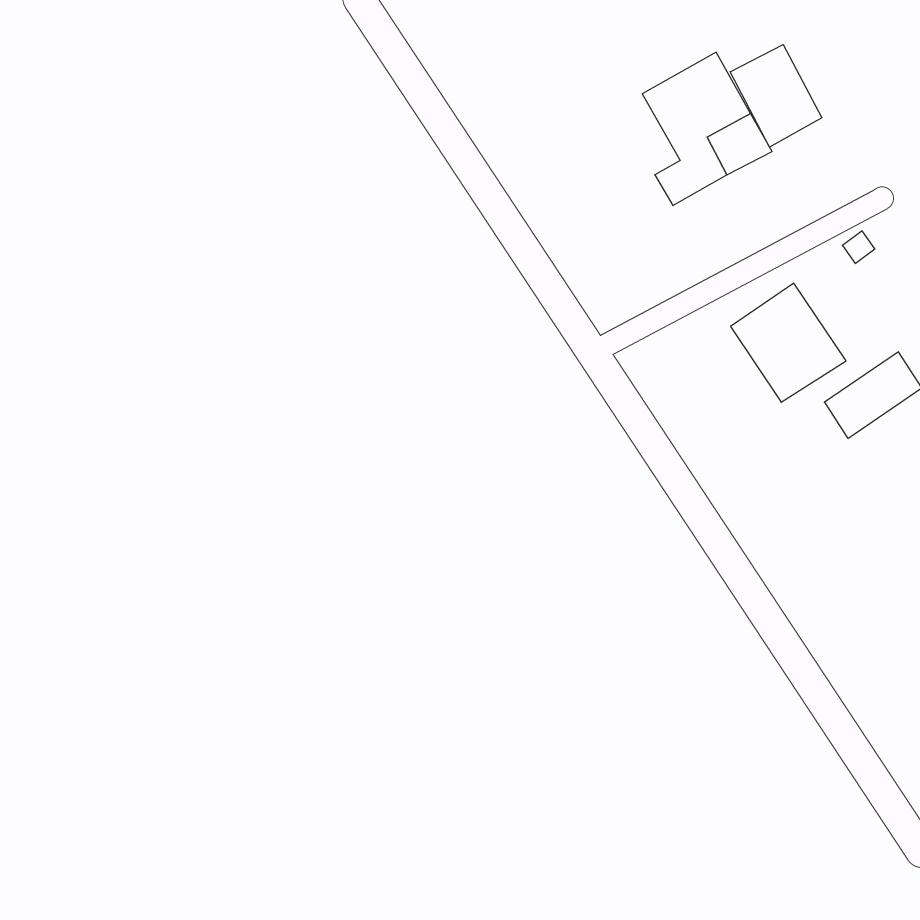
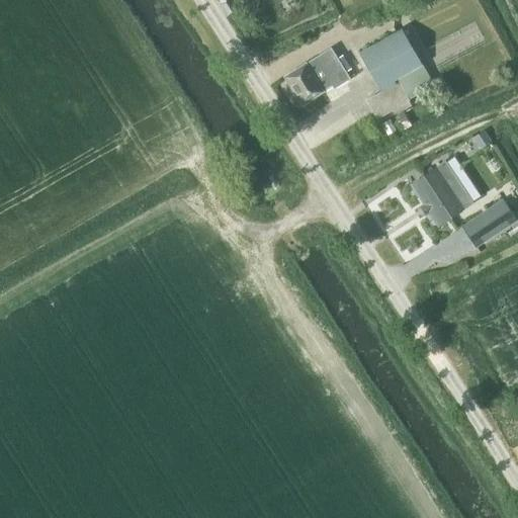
building: [730,45,822,147] -> none
building: none -> [286,47,350,101]

